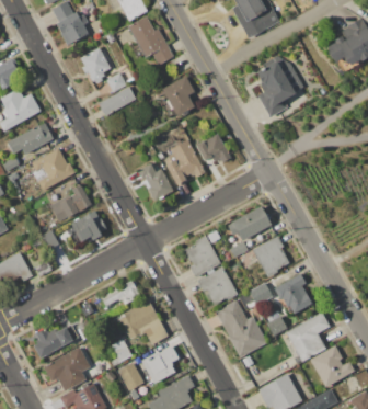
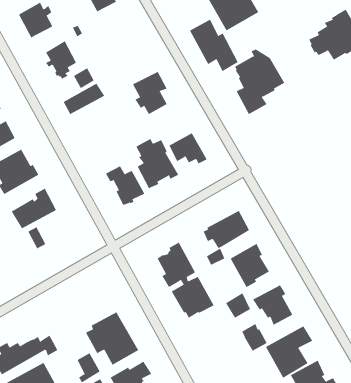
building: [127,15,173,65] -> [189,19,239,72]
building: [81,209,107,239] -> none
building: [100,280,141,308] -> none
building: [216,299,268,357] -> none

